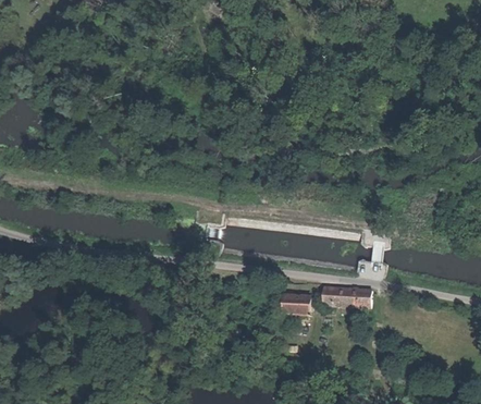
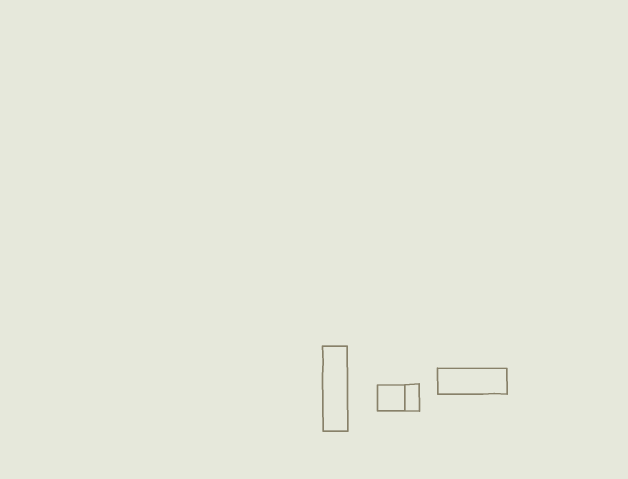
building: none -> [322,346,348,431]

